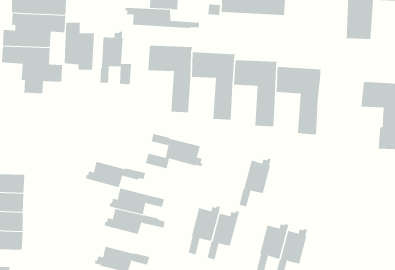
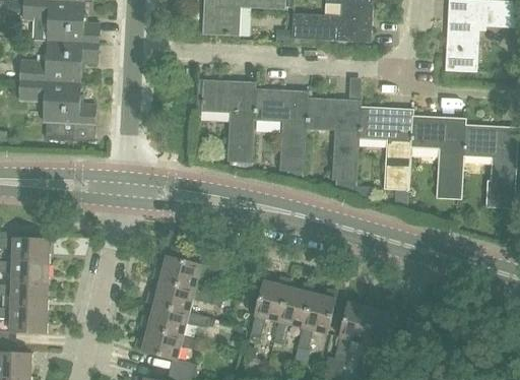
building: [125,7,200,29] -> none
building: [64,22,95,71] -> none
building: [100,31,132,85] -> none
building: none -> [411,116,466,199]
building: [145,133,203,169] -> none
building: [239,158,272,207] -> [297,290,337,350]
building: [85,161,146,188] -> [140,304,215,336]

